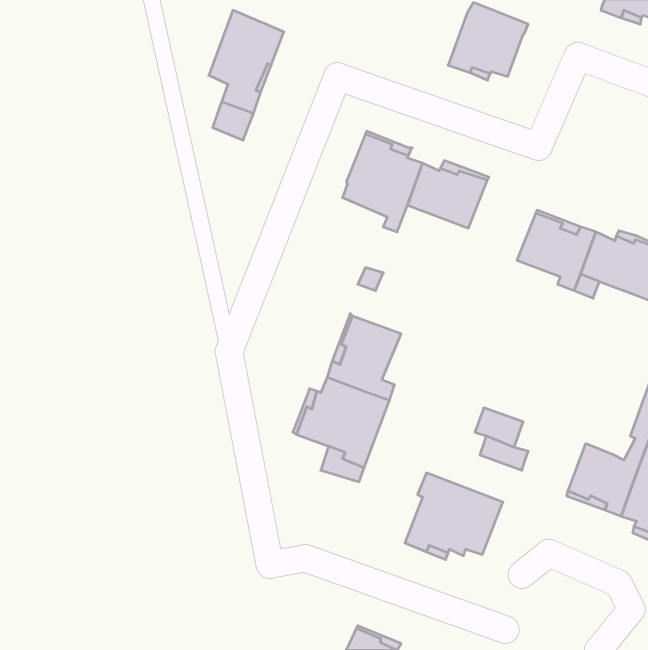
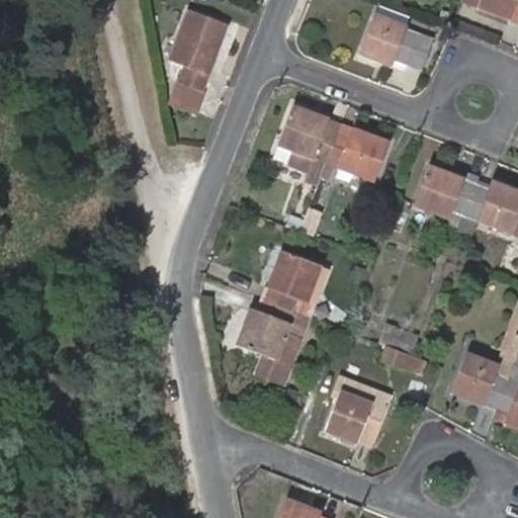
building: none -> [406,27,438,70]

